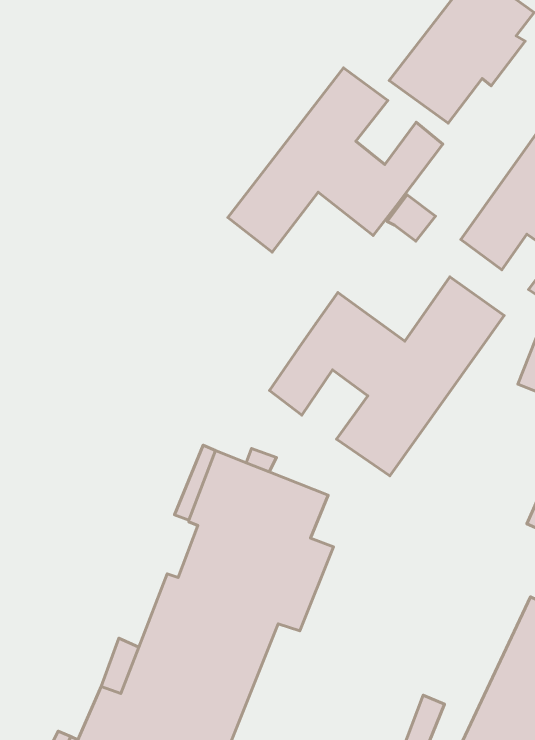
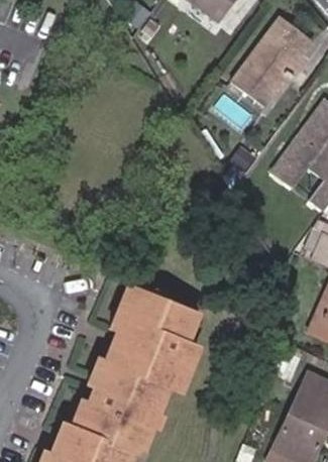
building: [228,68,443,252] -> none
building: [269,277,504,476] -> none

